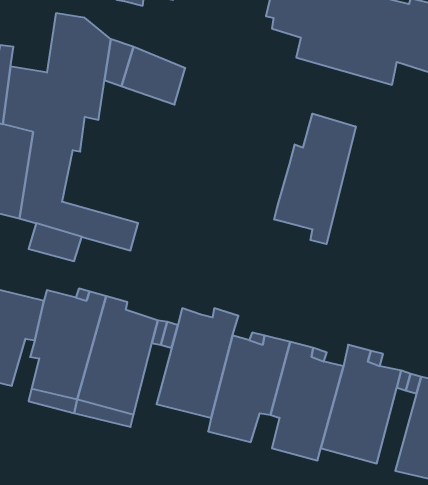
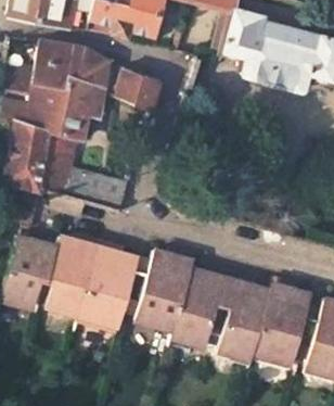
building: none -> [34,40,66,85]
building: [274,114,356,244] -> none

